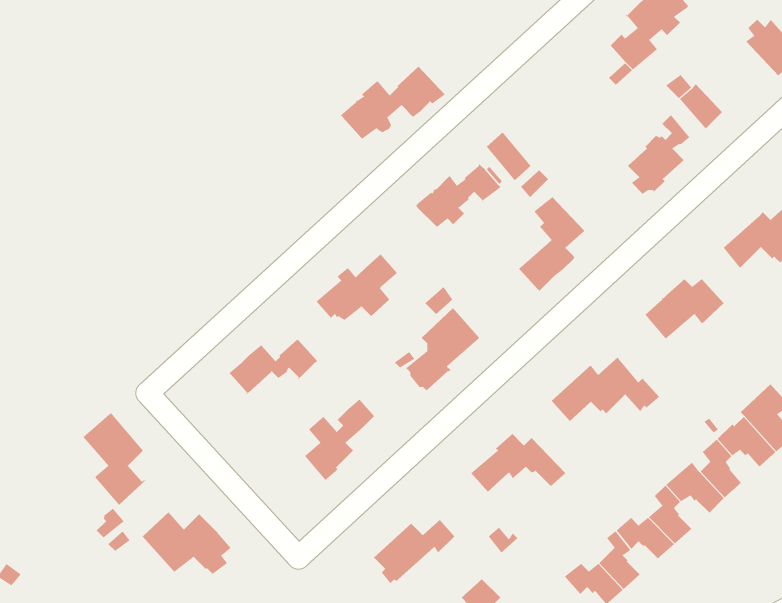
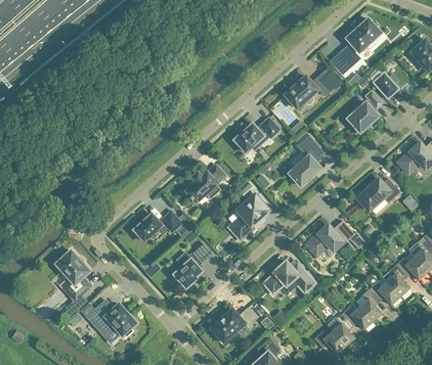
building: [340,66,445,140] -> [285,67,341,107]

